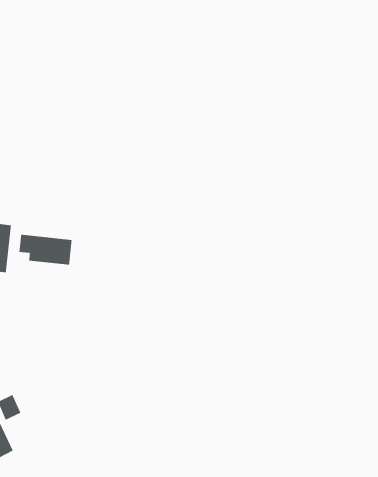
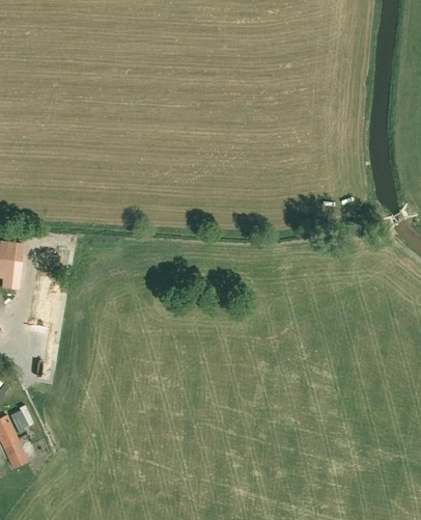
building: [19,234,72,266] -> none

